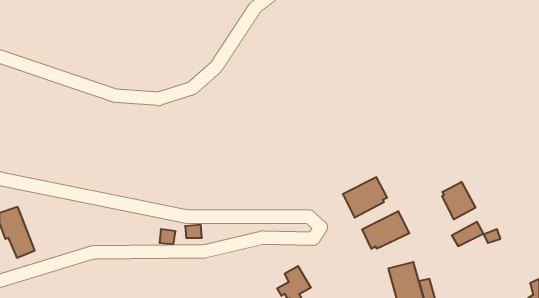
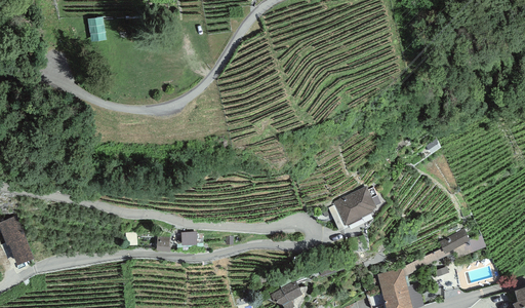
building: [442,182,475,219] -> none
building: [362,211,409,249] -> none

